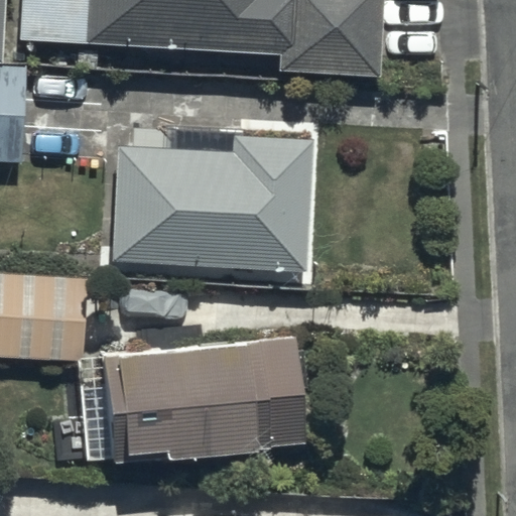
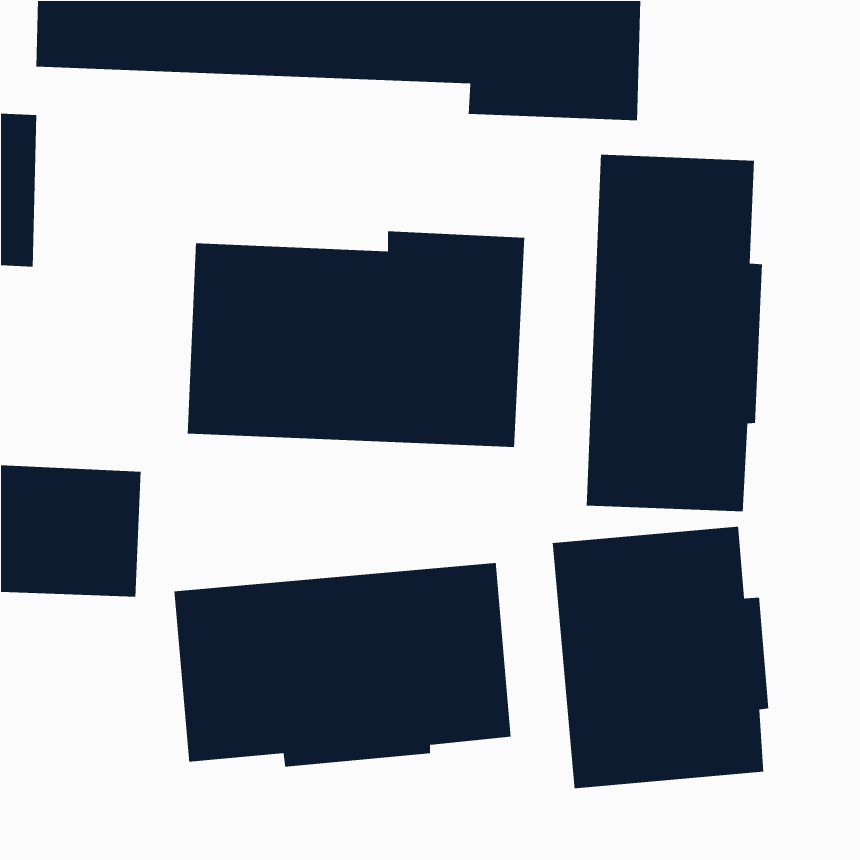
building: none -> [586,154,763,512]
building: none -> [552,526,769,789]

